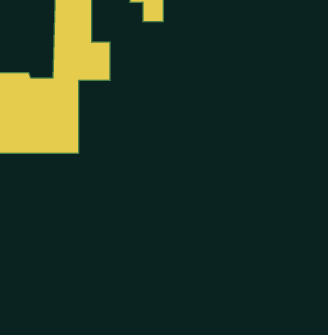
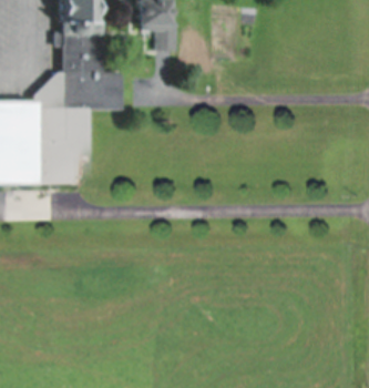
building: none -> [30,71,62,104]

